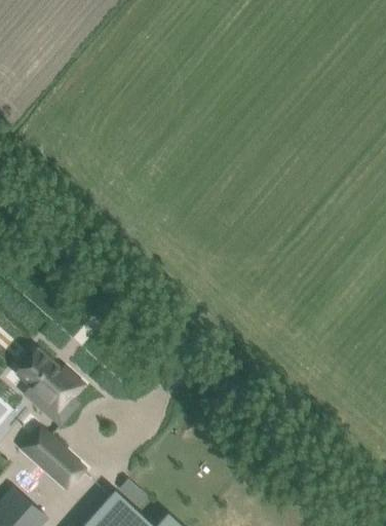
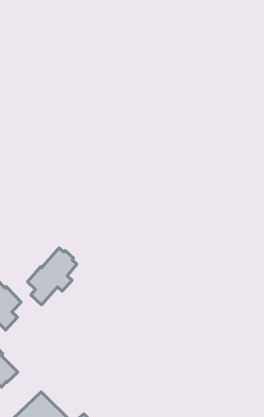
building: none -> [27,248,77,305]

